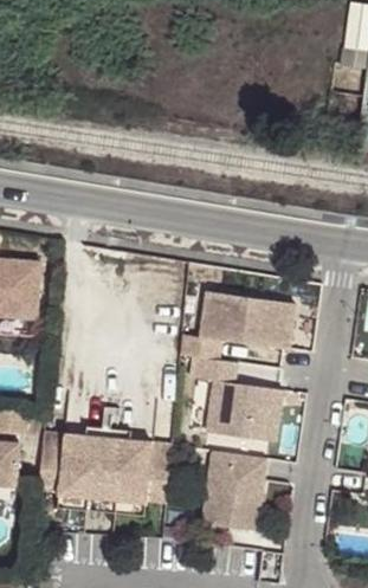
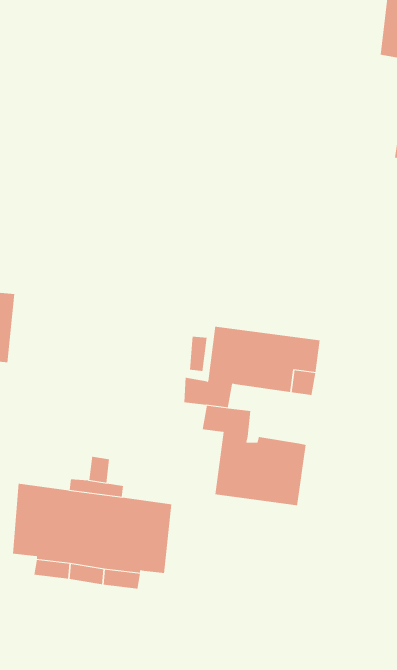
building: [202,451,266,531] -> none

